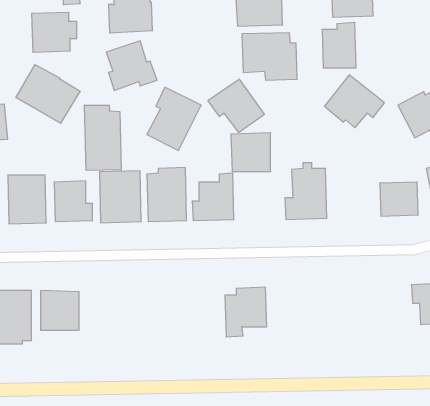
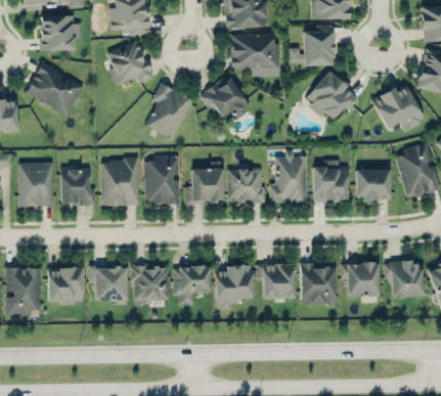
building: [85,105,121,170] -> none
building: [231,133,271,171] -> [227,168,263,203]
building: none -> [313,160,348,202]
building: none -> [300,263,336,305]
building: none -> [341,263,379,296]
building: none -> [256,264,295,299]
building: none -> [88,266,126,304]
building: none -> [132,266,169,302]
building: none -> [173,266,210,304]

